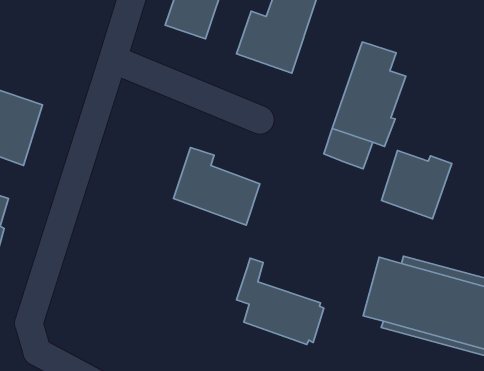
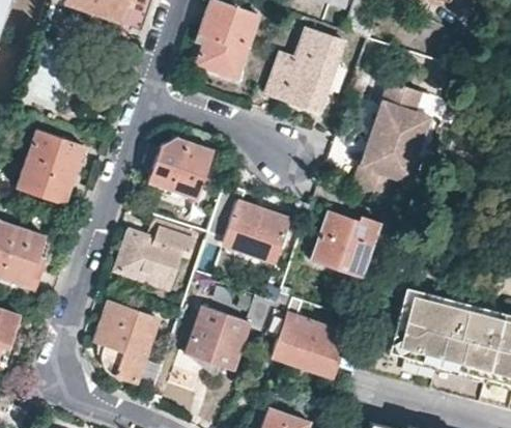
building: none -> [149,139,212,200]
building: [381,151,452,219] -> [312,212,380,279]
building: none -> [121,231,184,287]
building: none -> [186,296,277,371]
building: none -> [98,304,158,369]

